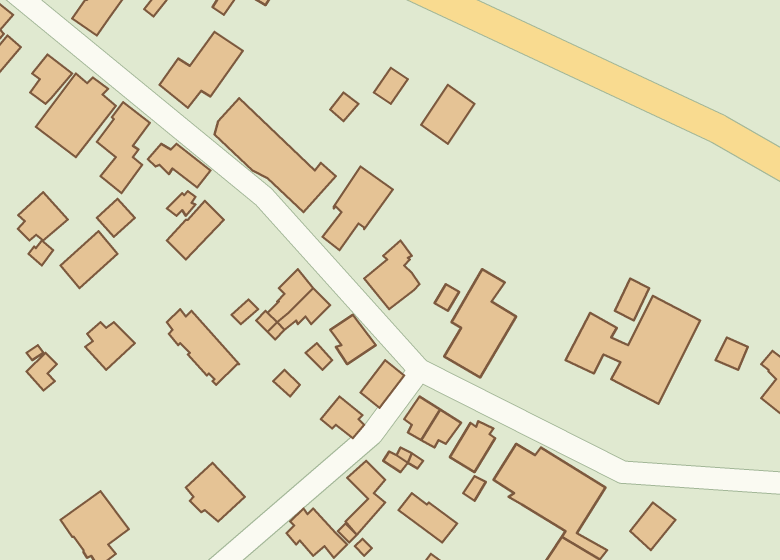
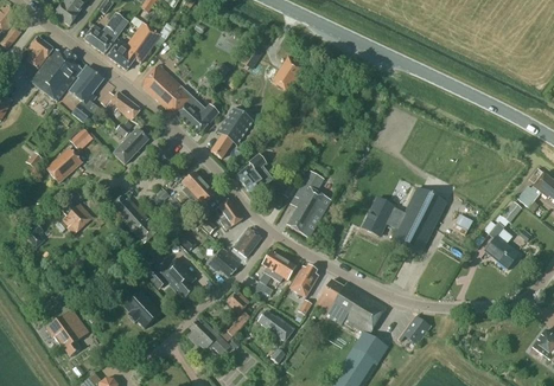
building: none -> [83,12,127,52]
building: [18,192,68,241] -> none
building: none -> [142,256,196,297]

